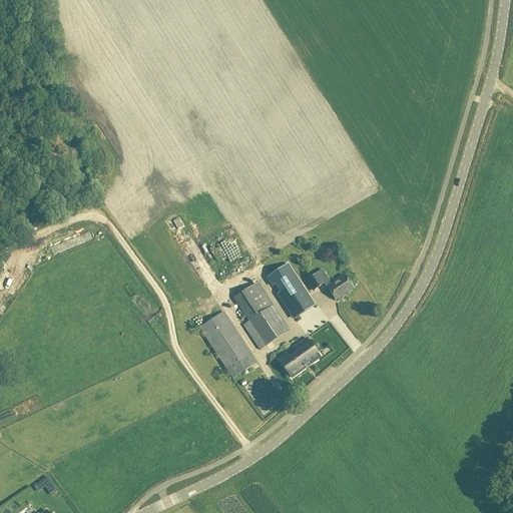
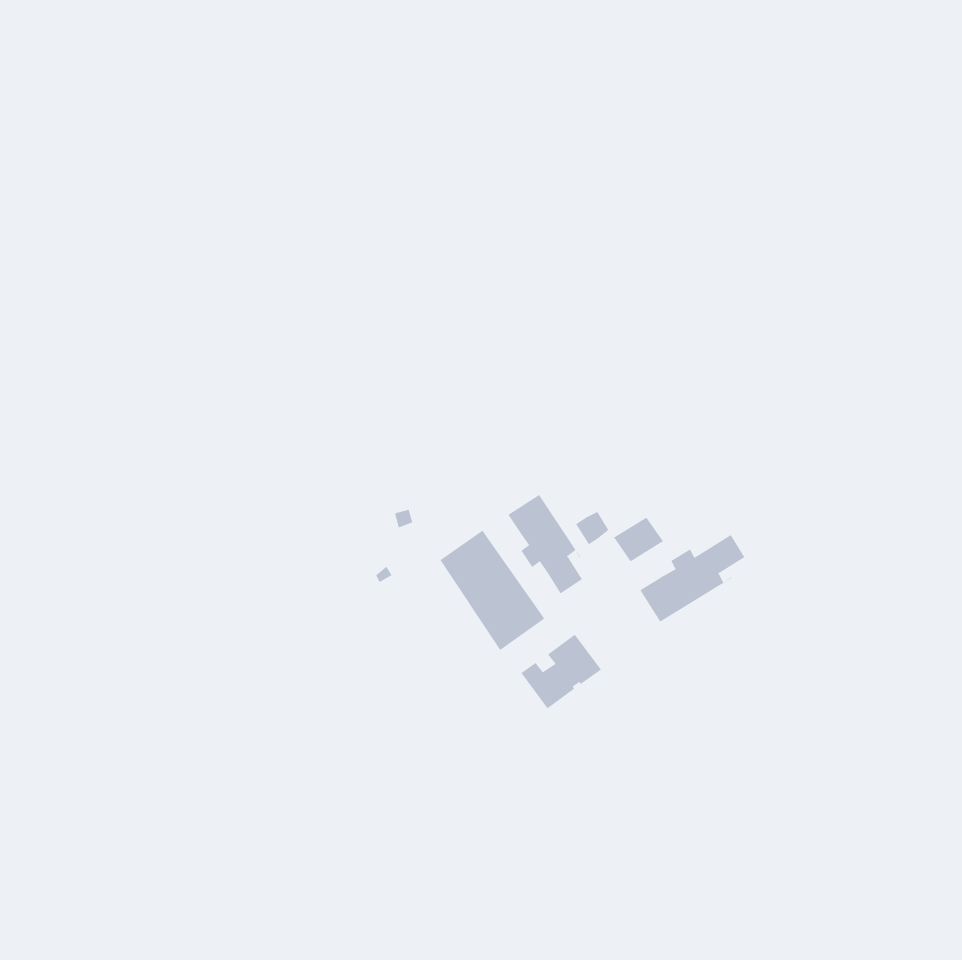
building: none -> [640,534,745,622]
building: [198,311,255,378] -> none

